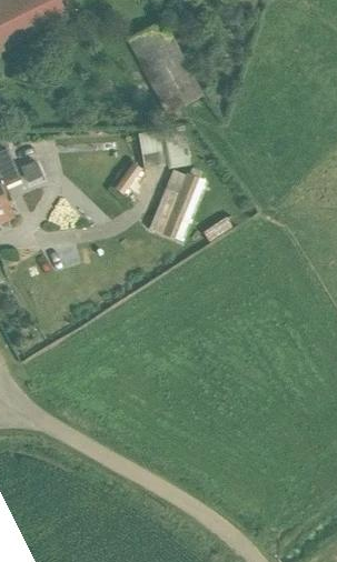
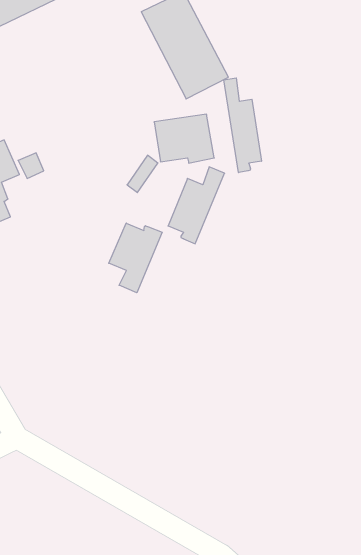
building: none -> [224,78,261,173]
building: none -> [109,223,162,293]

